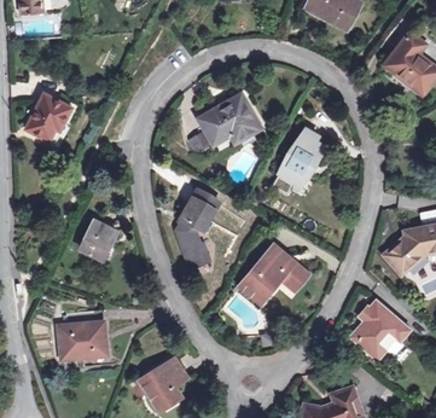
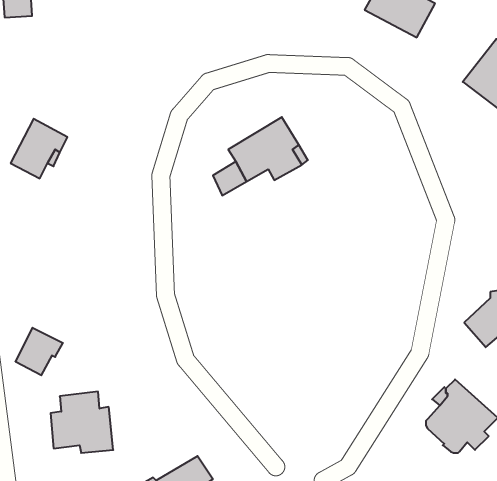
building: [278,128,325,187] -> none
building: [178,188,219,267] -> none
building: [80,221,117,259] -> [15,328,63,375]
building: [239,246,308,303] -> none

